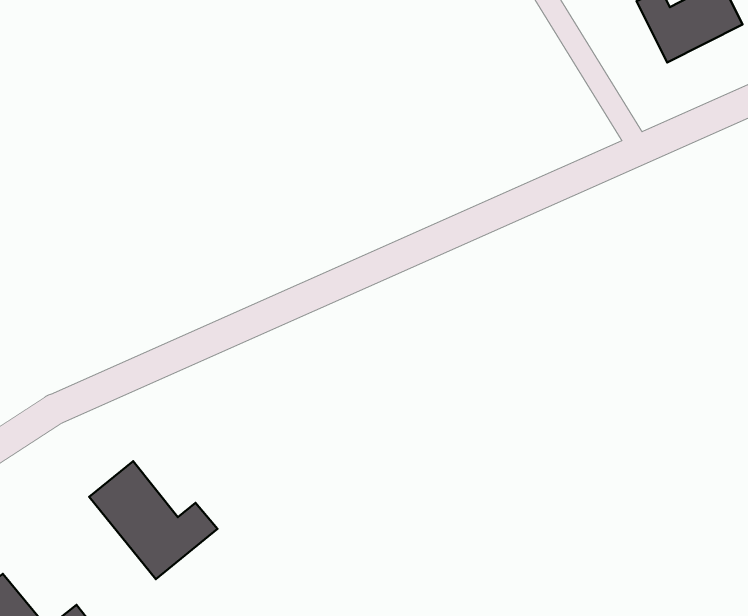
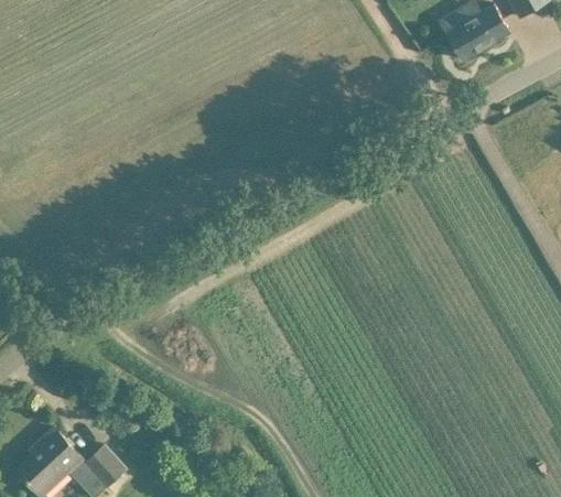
building: [89,461,217,579] -> none

